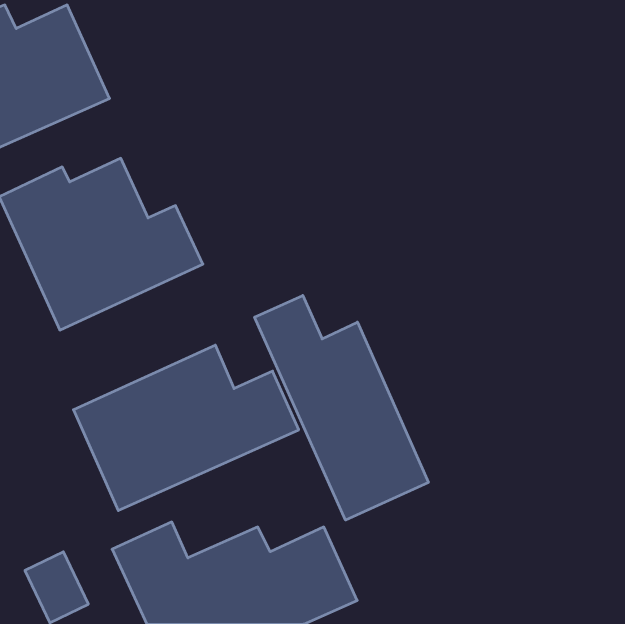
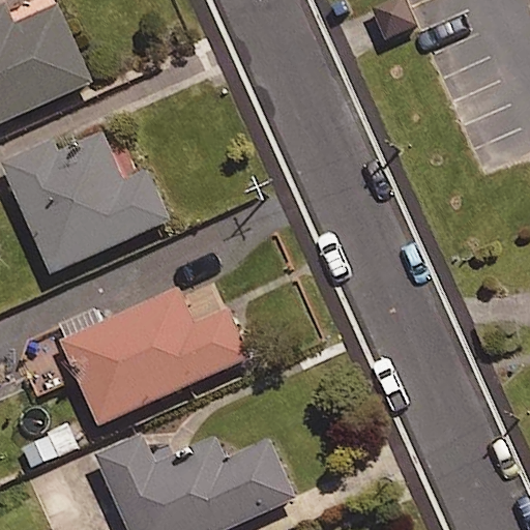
building: [255,295,428,520] -> none

